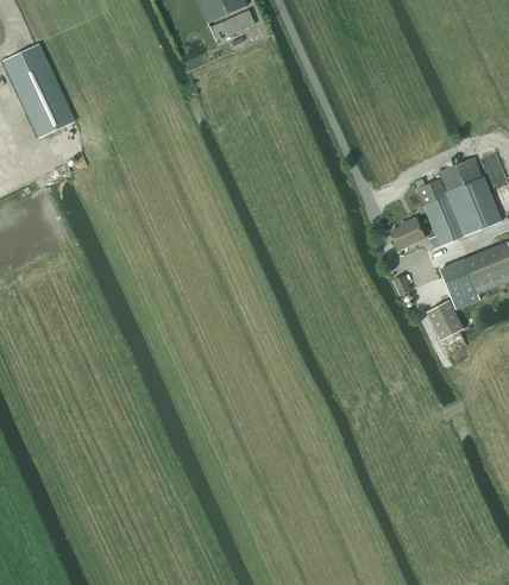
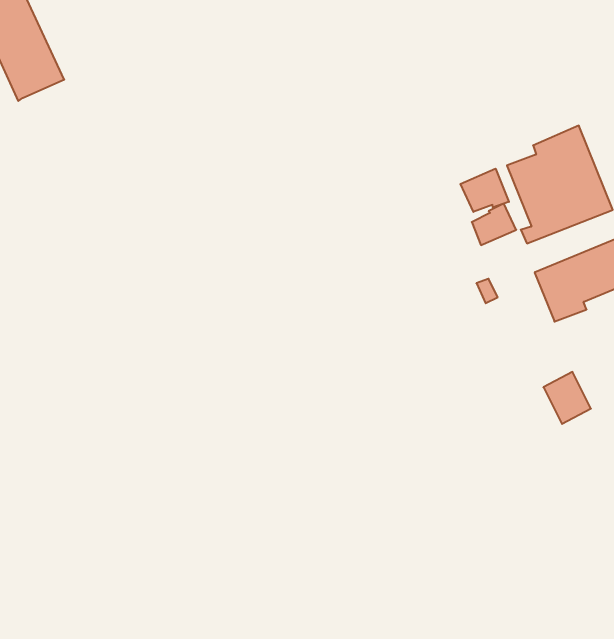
building: none -> [460,169,509,212]
building: [426,298,463,339] -> [543,372,591,424]

